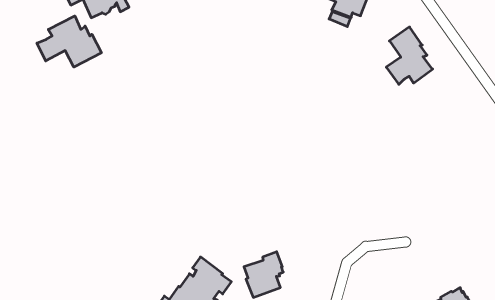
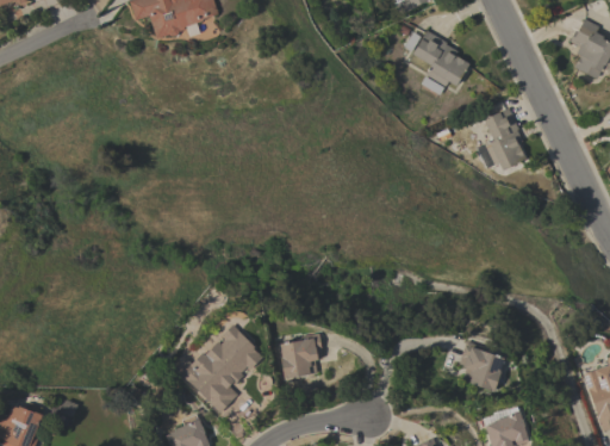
building: [37,16,101,67] -> none
building: none -> [459,341,504,392]

